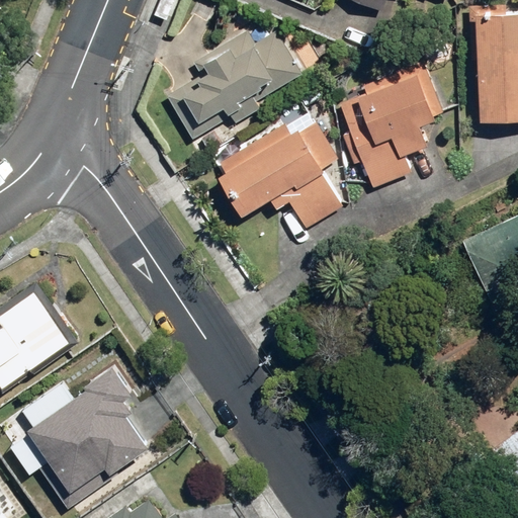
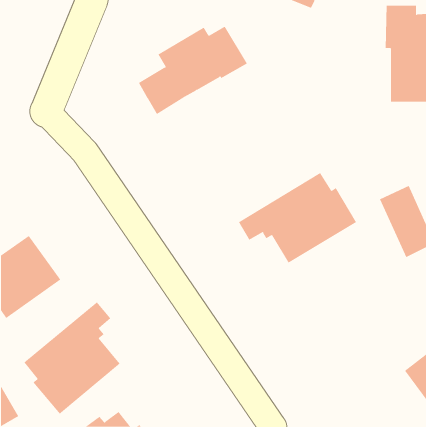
building: [339,69,444,189] -> none
building: [213,122,342,229] -> none
building: none -> [238,172,357,263]

